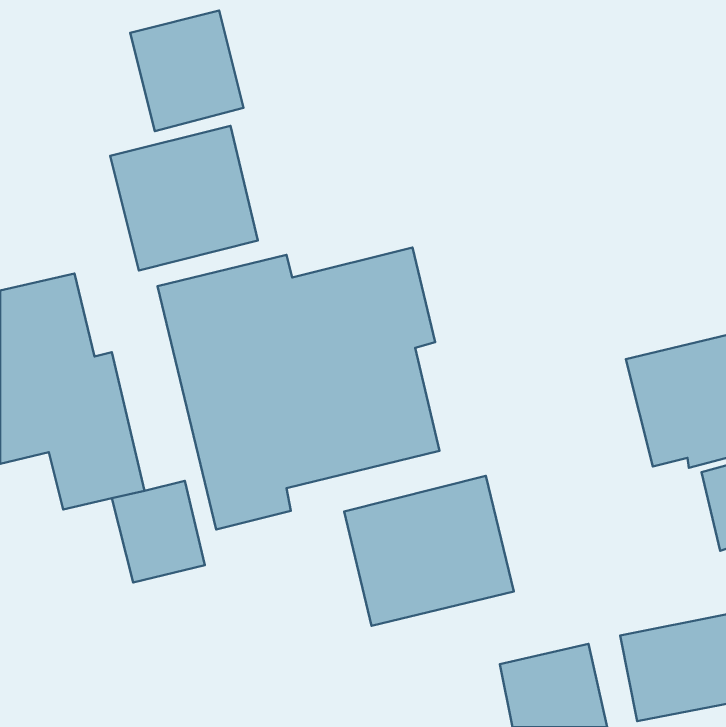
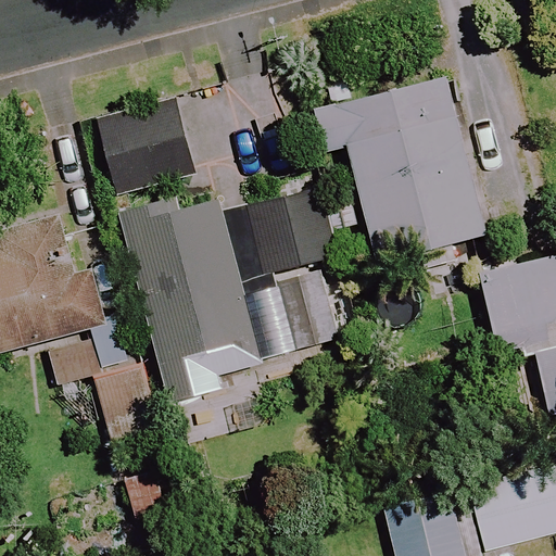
building: [130,11,243,131] -> none
building: none -> [337,77,488,264]
building: [344,476,514,626] -> none

